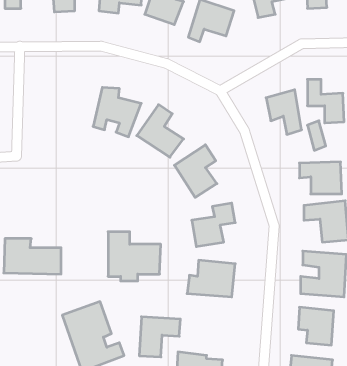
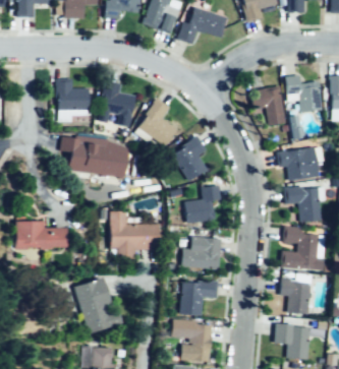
building: none -> [55,79,91,109]
building: none -> [61,133,137,183]
building: [139,317,180,357] -> [181,279,218,314]

